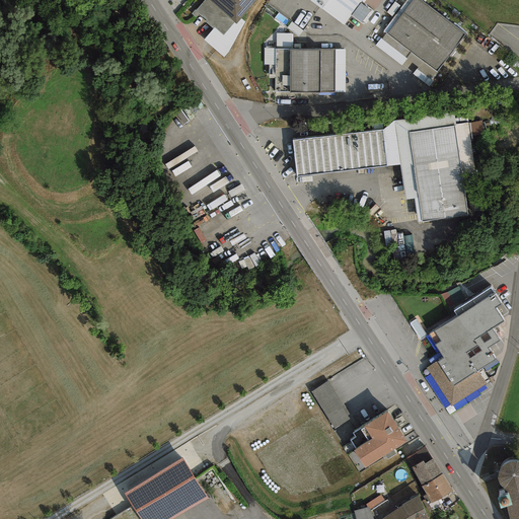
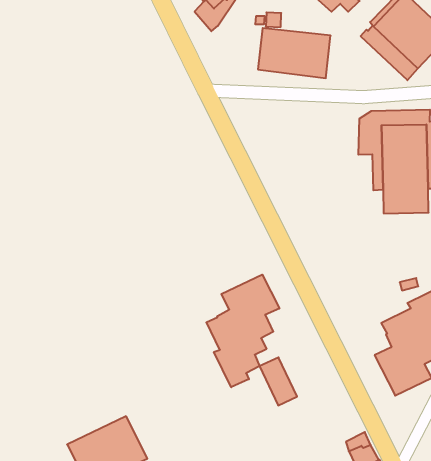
building: [293,129,386,176] -> none
building: none -> [206,275,279,387]
building: [350,411,406,467] -> none

